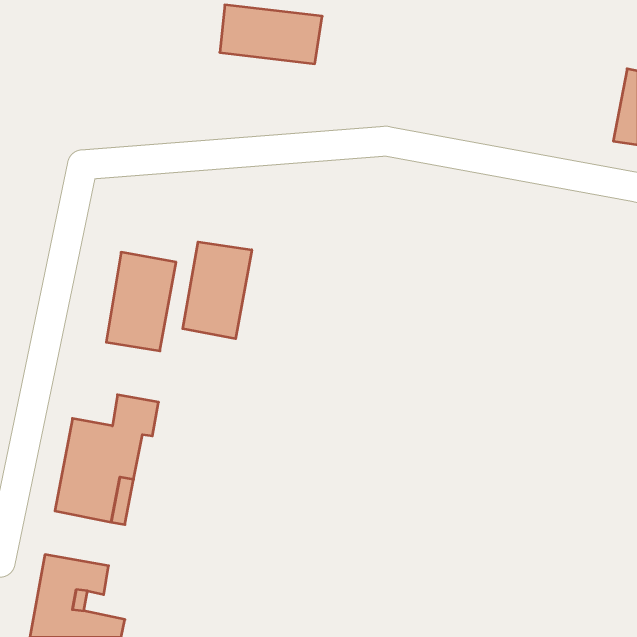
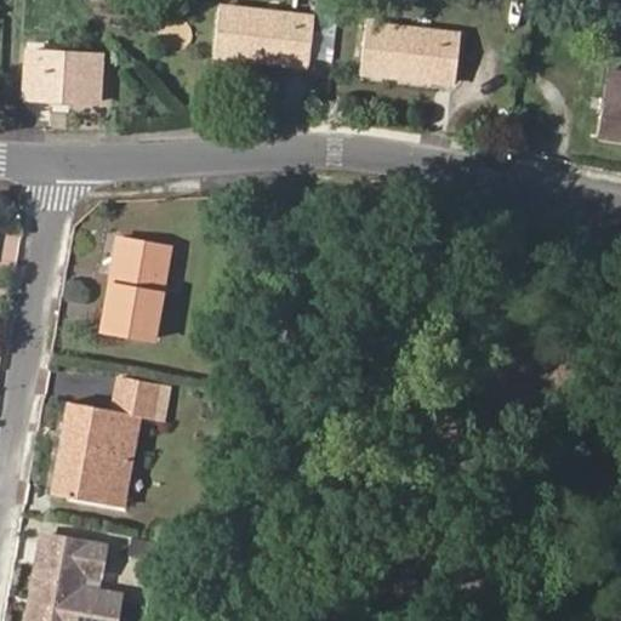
building: none -> [360,21,458,82]
building: none -> [24,46,102,102]
building: [183,242,252,339] -> none

